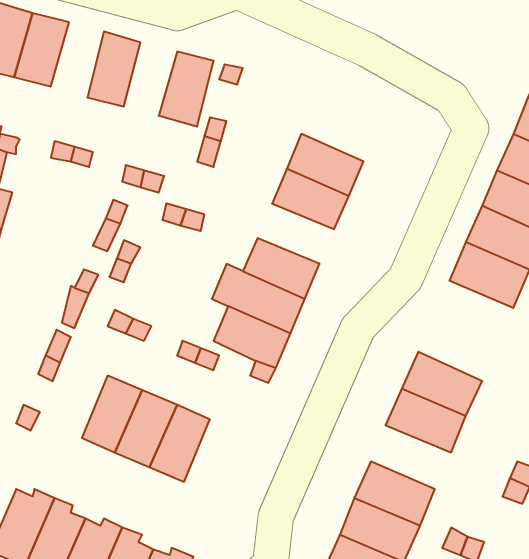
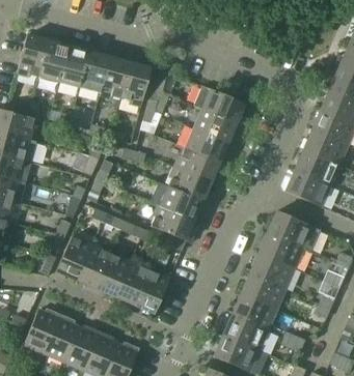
building: none -> [58,45,88,87]
building: none -> [100,56,130,97]
building: none -> [193,85,245,123]
building: none -> [175,147,219,181]
building: none -> [267,210,320,251]
building: none -> [56,236,90,280]
building: none -> [134,269,169,313]
building: none -> [240,272,285,309]

